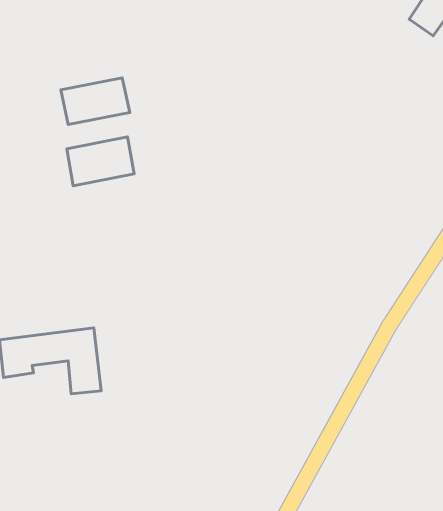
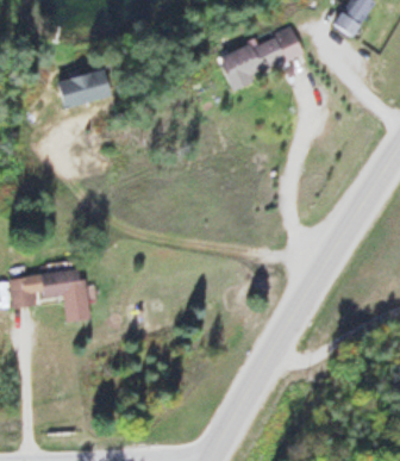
building: none -> [218,26,302,91]
building: [67,137,134,186] -> none

